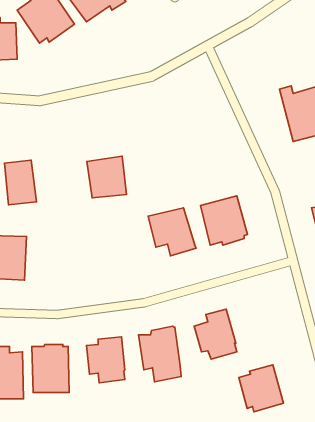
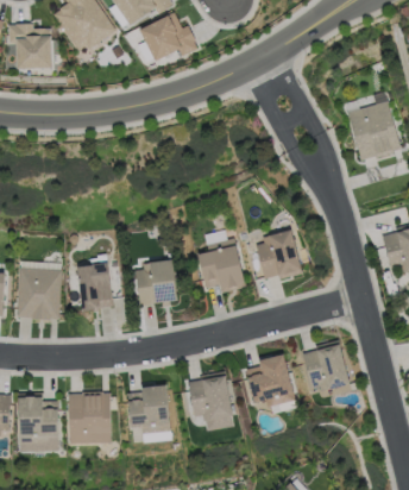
building: none -> [138,14,195,65]
building: [87,156,126,198] -> [137,257,181,303]
building: [4,160,36,205] -> [81,260,117,310]
building: [239,365,284,412] -> [302,337,352,389]

